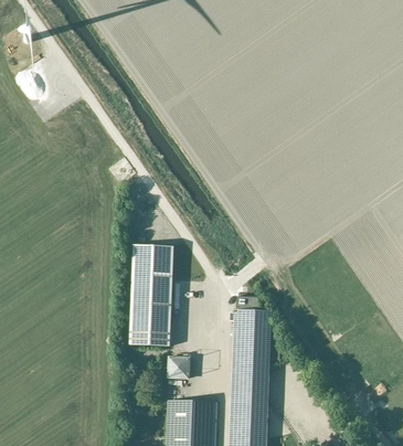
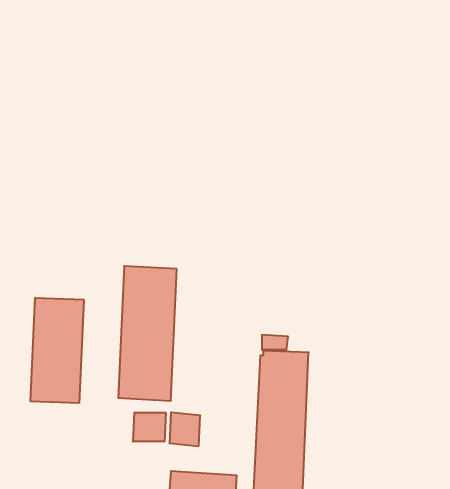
building: none -> [31,298,84,403]
building: none -> [133,413,166,442]

